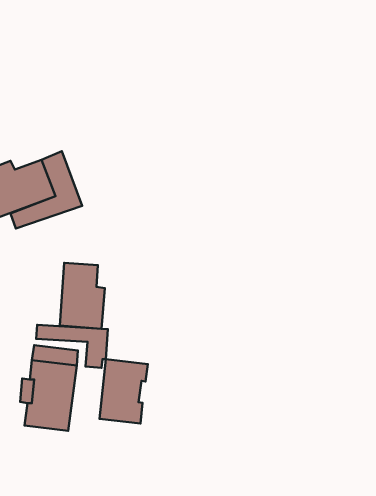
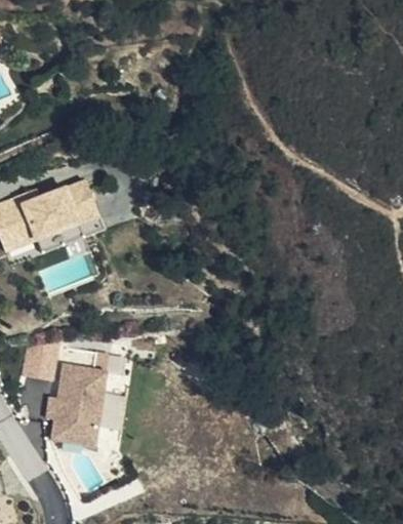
building: [60,263,105,329] -> none
building: [99,359,148,424] -> none

